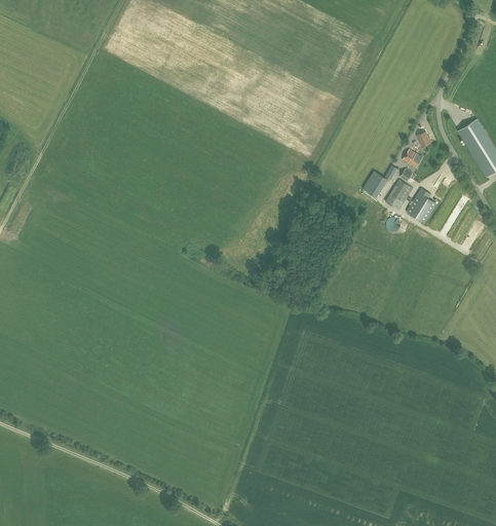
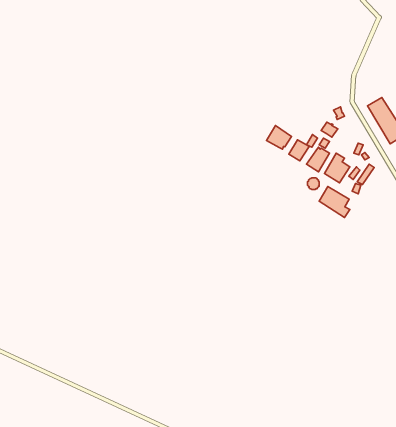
building: none -> [266,126,291,149]
building: none -> [319,187,350,217]

